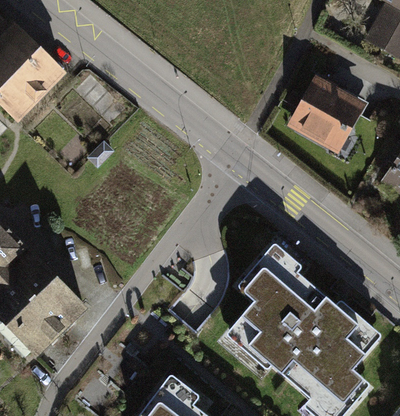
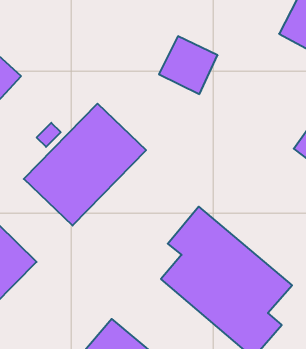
building: [296,83,364,150] -> [159,36,218,94]
building: none -> [24,104,146,226]

